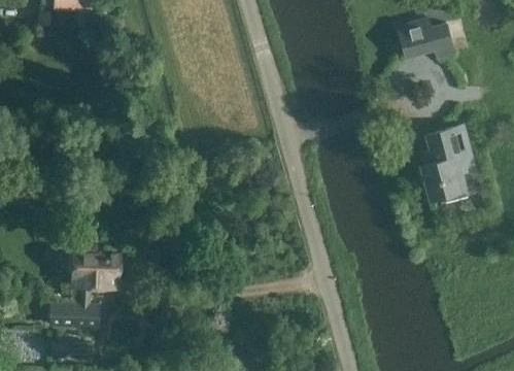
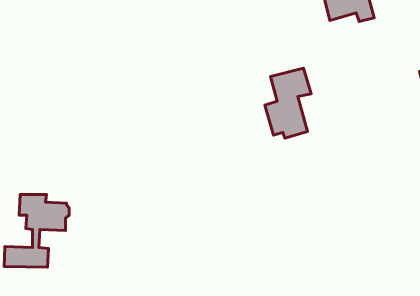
building: [421,127,472,203] -> [265,68,311,138]

